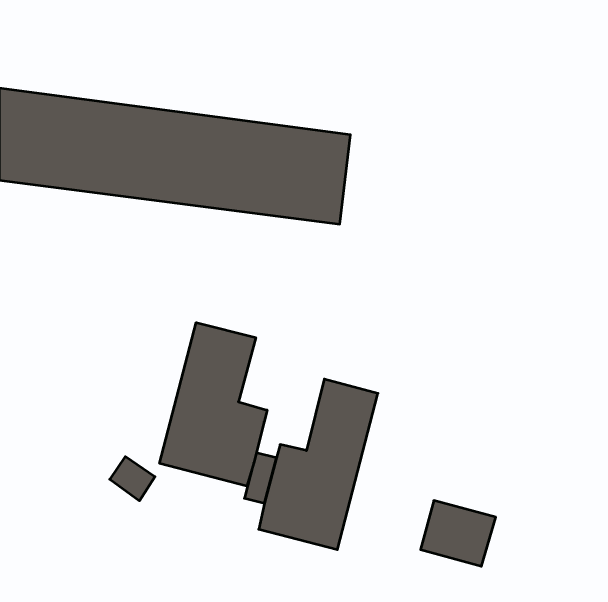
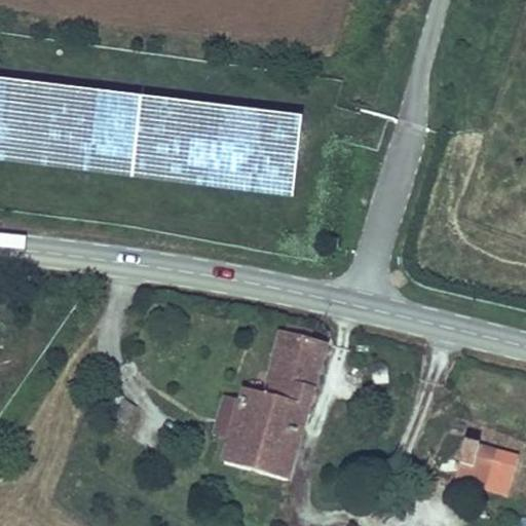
building: [160,323,267,486] -> none
building: [421,501,496,566] -> [455,435,520,491]

